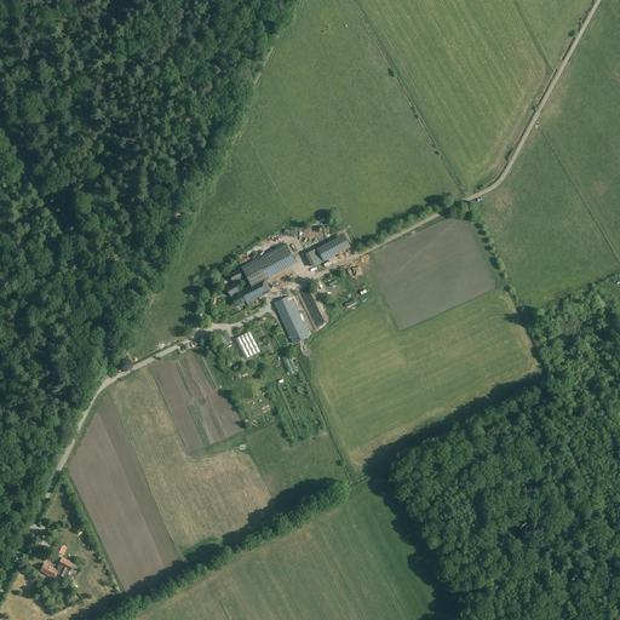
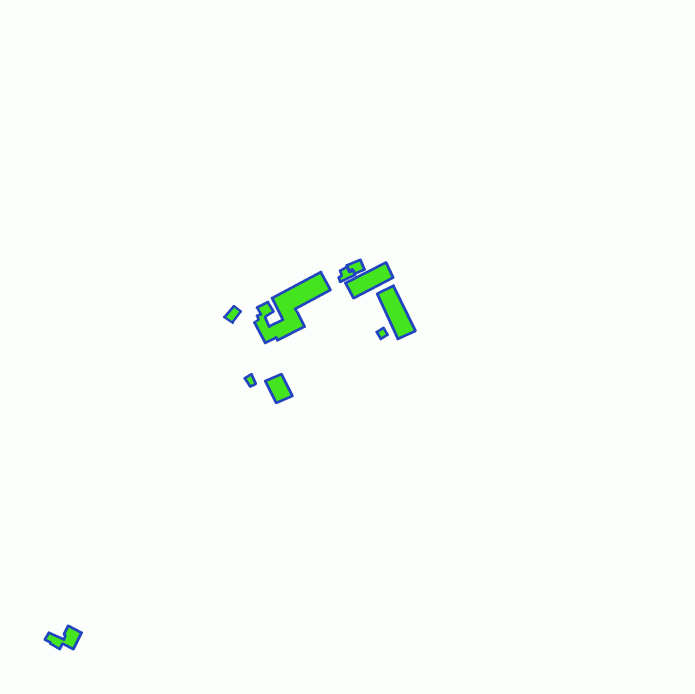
building: [275,295,309,343] -> [377,286,415,339]

